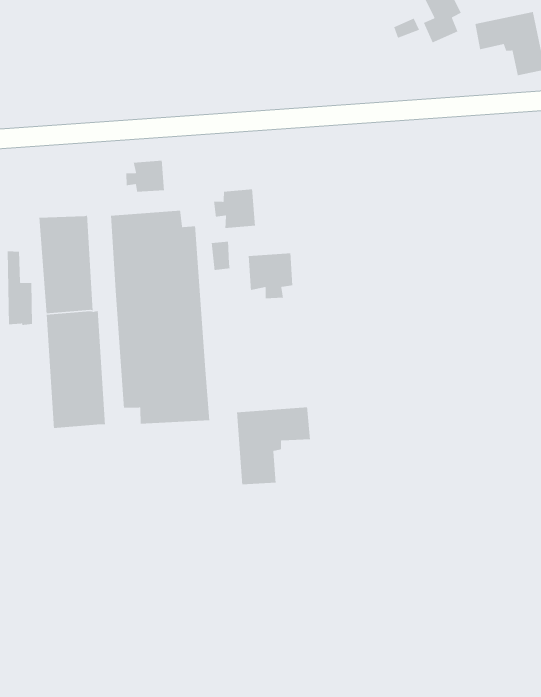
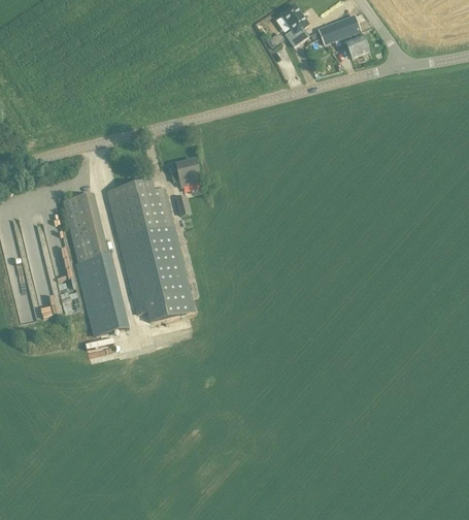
building: [126,160,165,192] -> none
building: [248,252,293,299] -> none
building: [236,407,311,485] -> none

